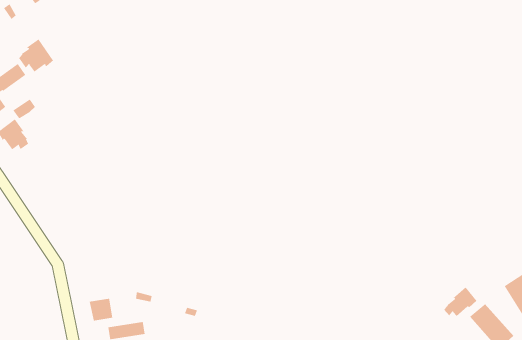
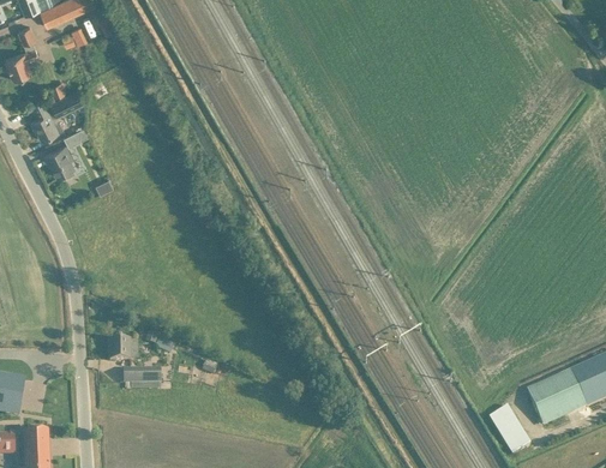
building: [19,38,54,72] -> none
building: [444,287,477,317] -> none

